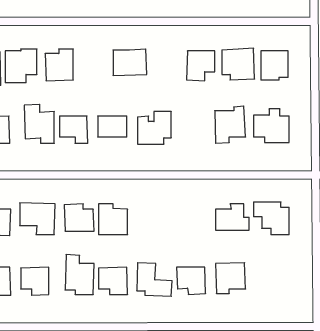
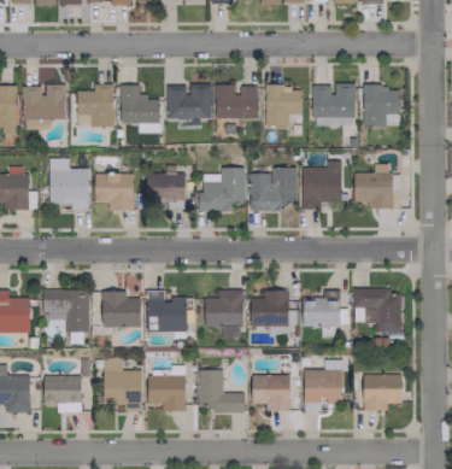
building: none -> [121,84,160,133]
building: none -> [216,84,259,119]
building: none -> [250,168,298,211]
building: none -> [205,289,243,336]
building: none -> [252,289,289,326]
building: none -> [363,375,403,410]

